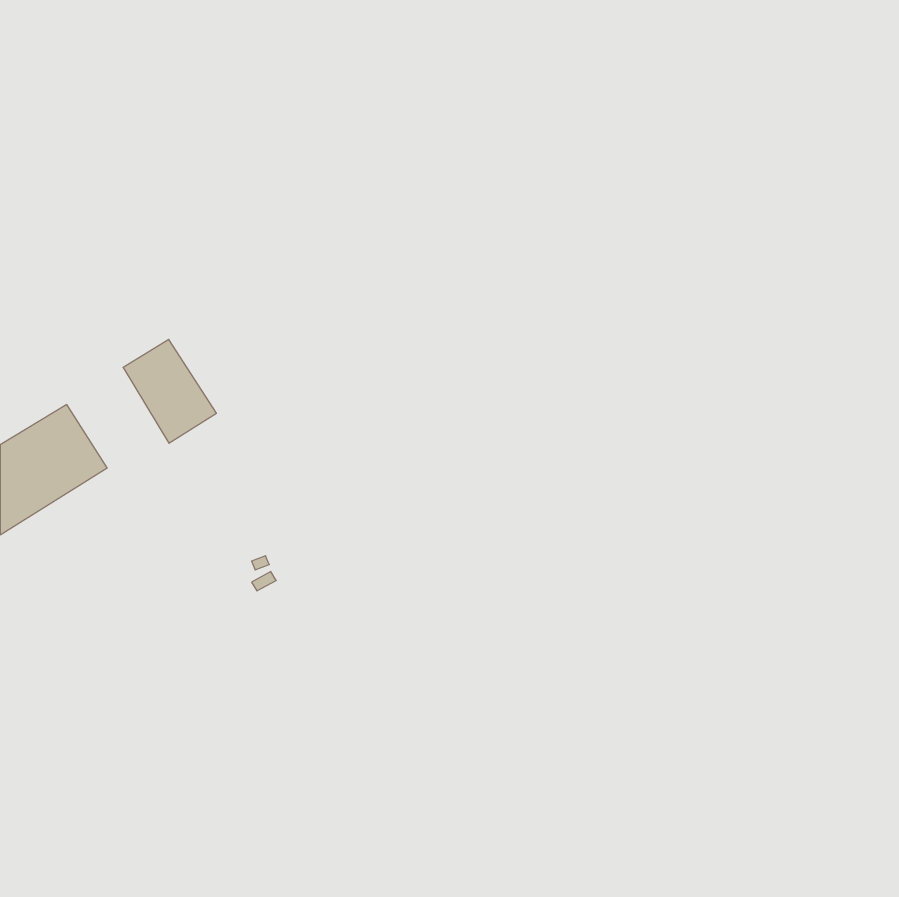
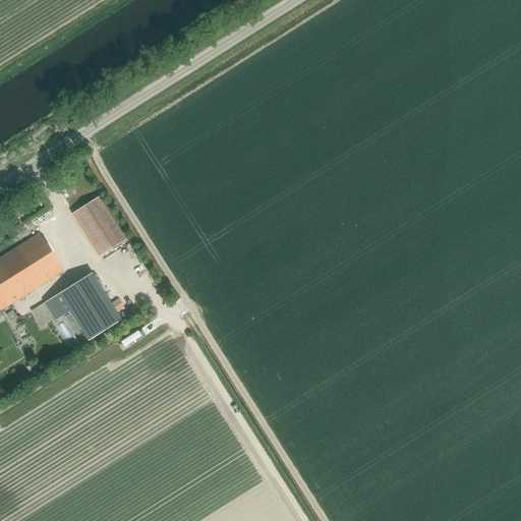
building: none -> [43,273,120,341]

